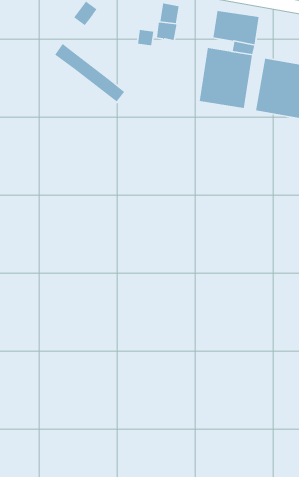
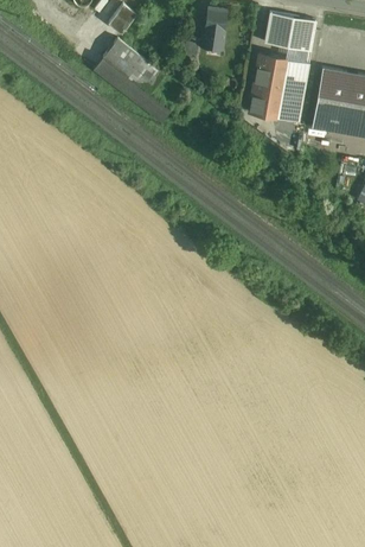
building: none -> [103,37,164,91]

